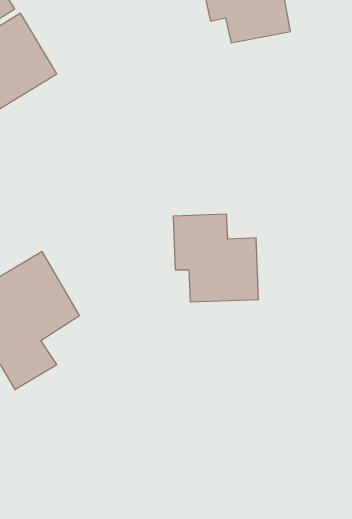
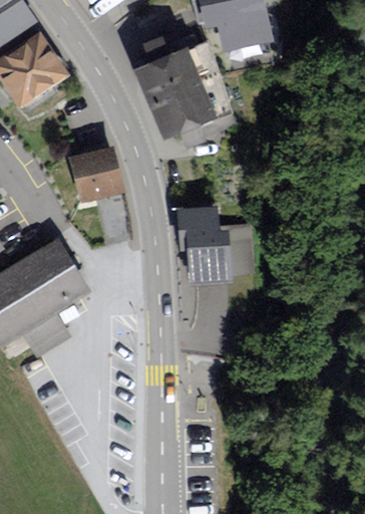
building: none -> [133,36,235,145]
building: none -> [68,151,121,203]

